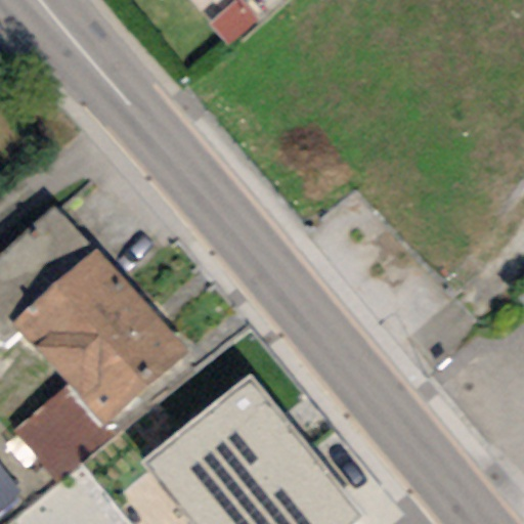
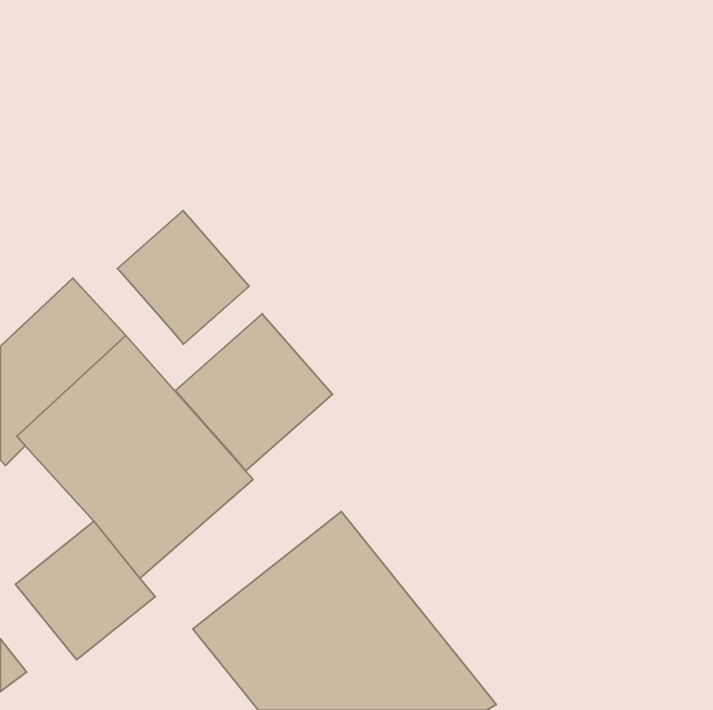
building: none -> [117,211,249,344]
building: none -> [175,314,332,471]

